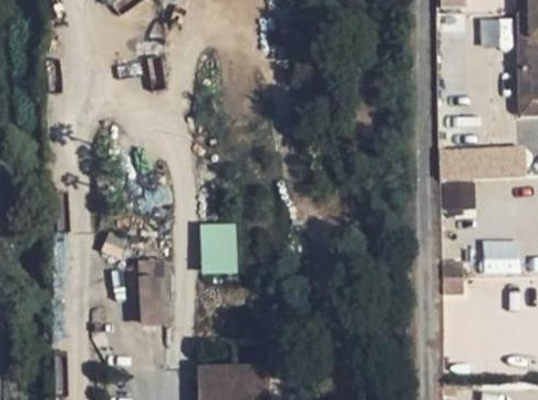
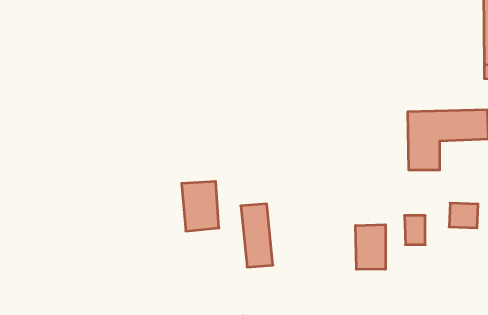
building: [135,258,169,326] -> [241,204,273,267]
building: none -> [356,225,385,269]

